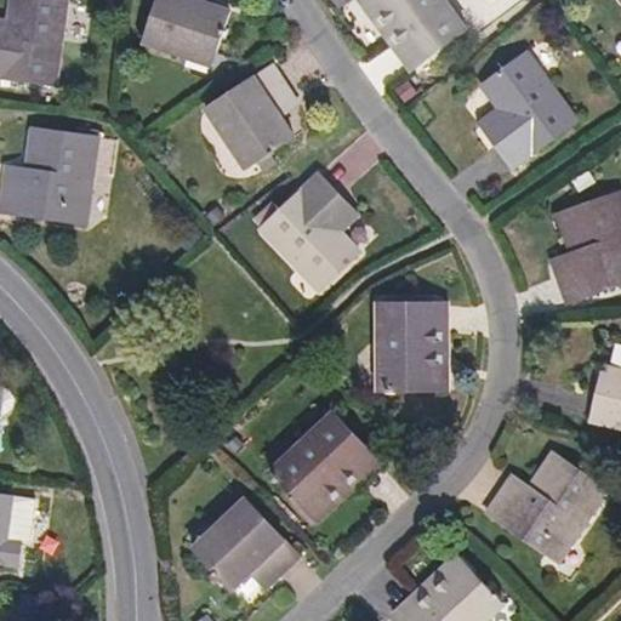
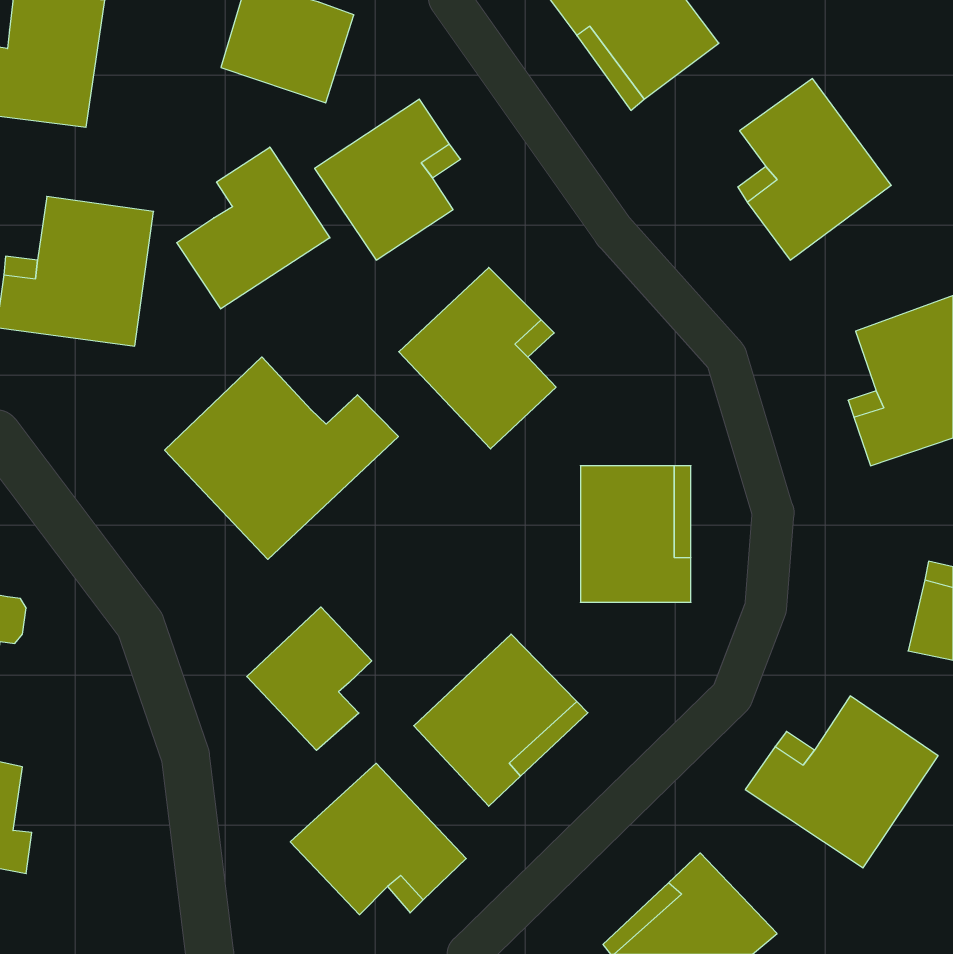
building: none -> [177,147,330,309]
building: none -> [165,357,398,559]
building: none -> [247,607,372,750]

